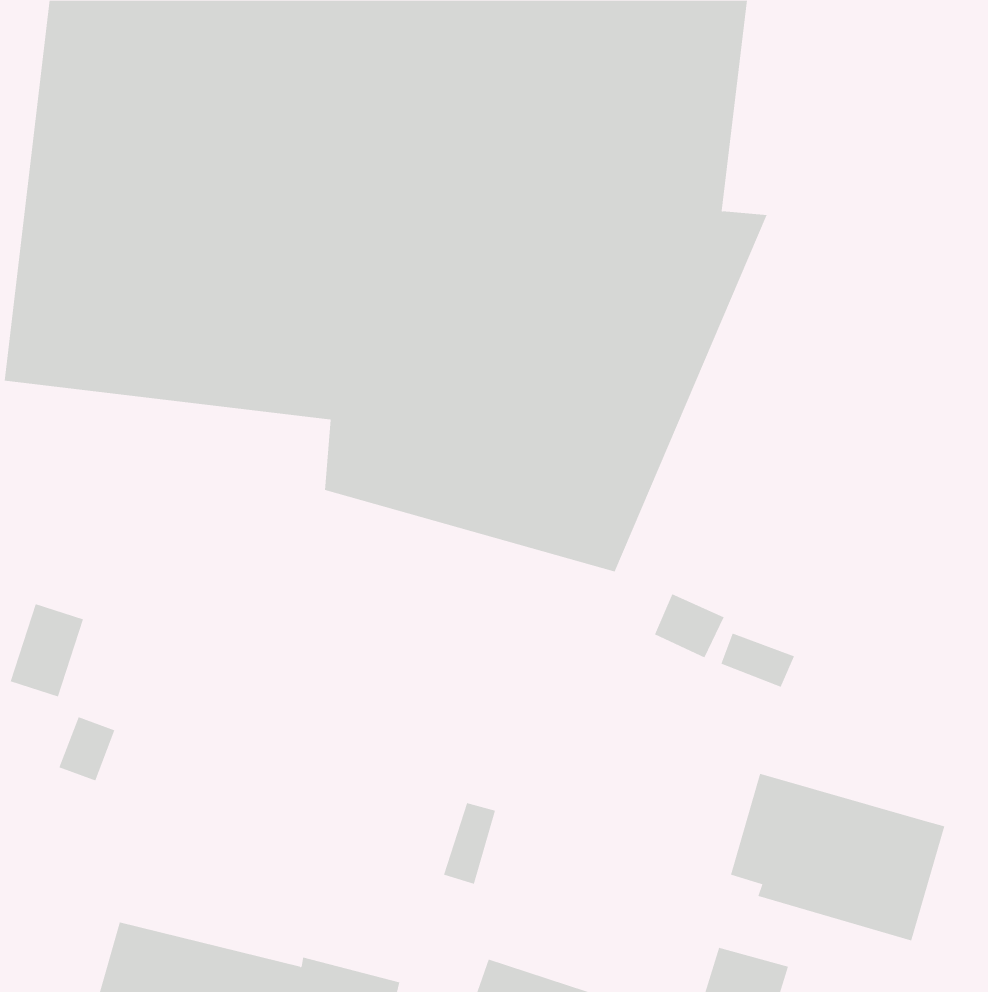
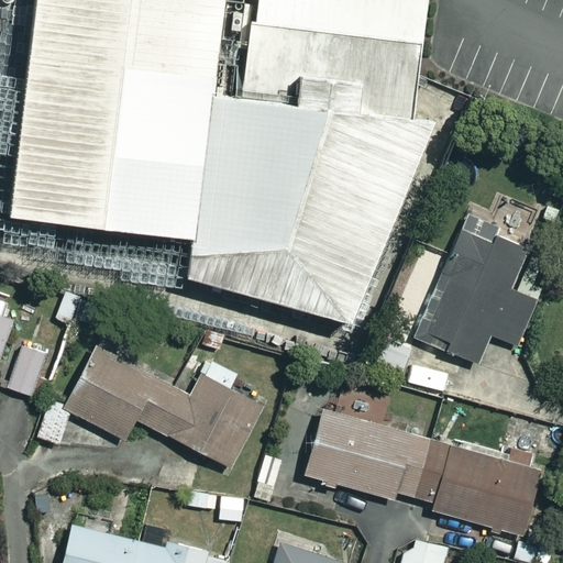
building: none -> [415,227,538,362]
building: none -> [66,347,263,465]
building: none -> [303,406,433,498]

